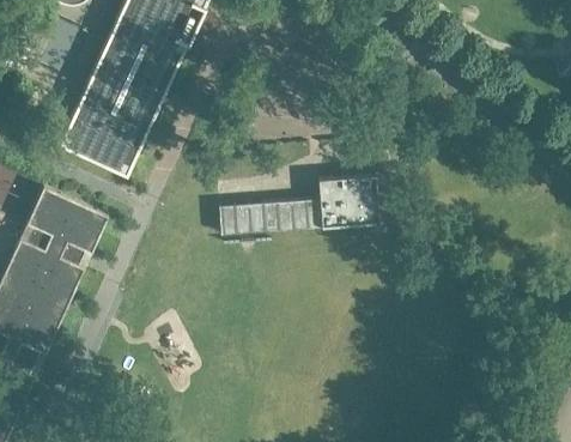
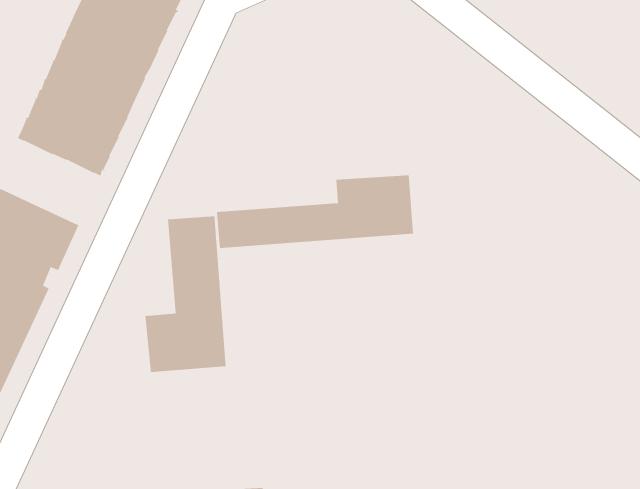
building: none -> [145,215,226,373]

